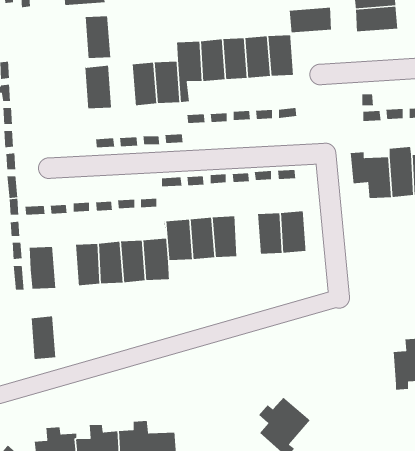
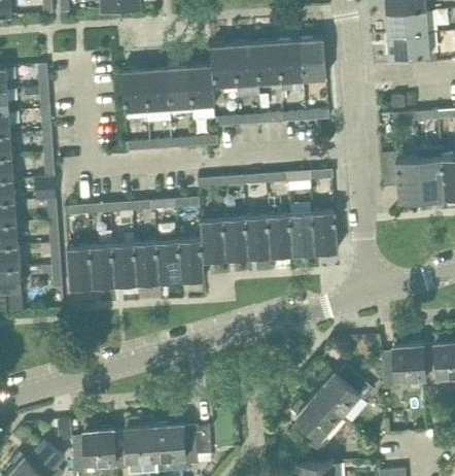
building: [289,7,332,33] -> [387,34,429,60]
building: [85,16,111,59] -> [145,68,171,110]
building: none -> [269,214,293,257]
building: [31,316,56,360] -> [91,244,115,287]
building: none -> [381,338,425,390]
building: none -> [316,367,374,416]

